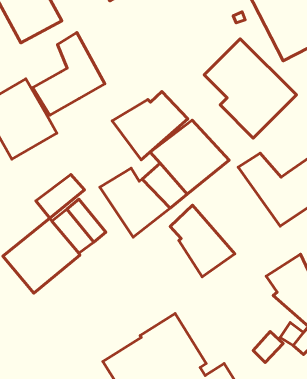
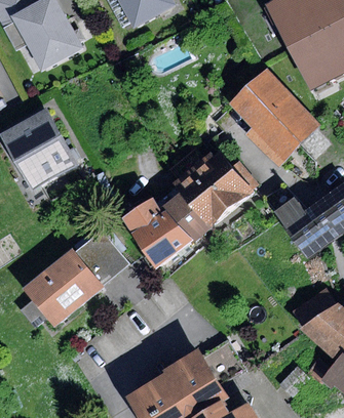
building: [33,33,105,115] -> none
building: [112,92,188,160] -> none
building: [36,175,84,218] -> none
building: [170,205,235,277] -> none

